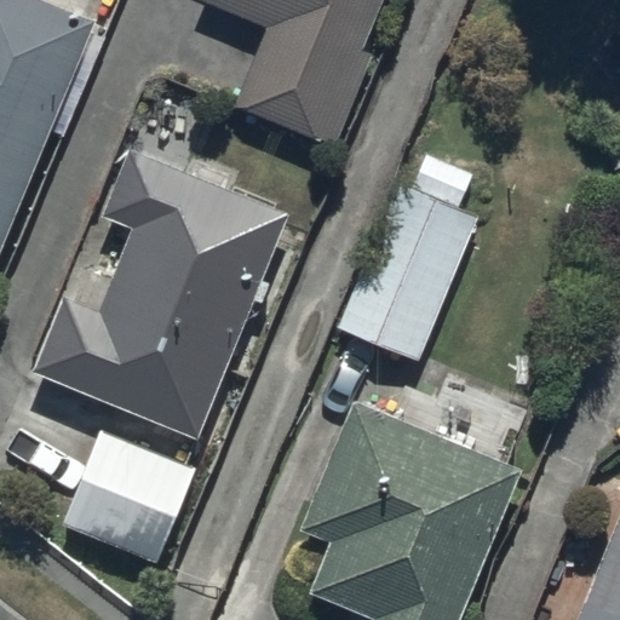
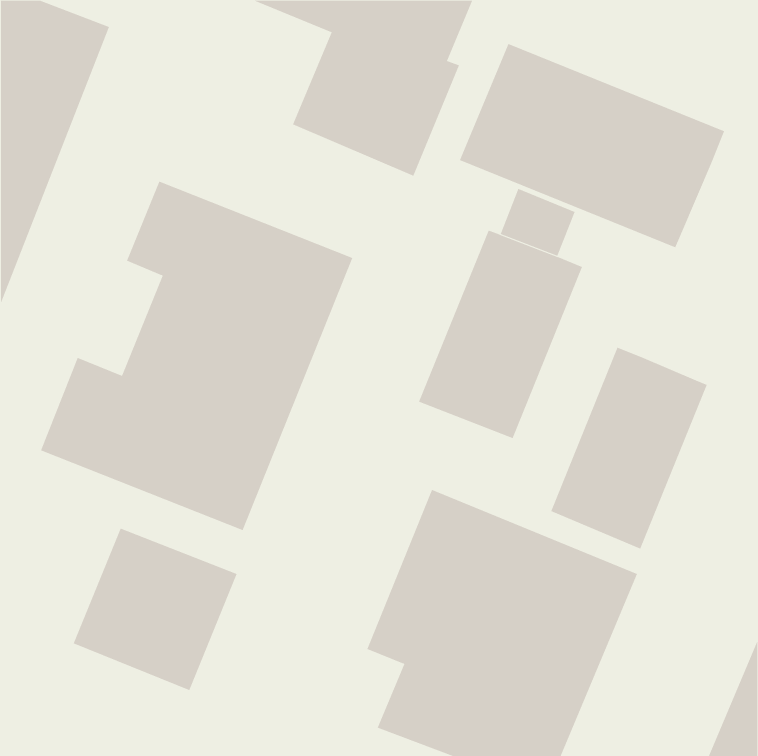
building: none -> [459,43,725,248]
building: none -> [550,347,707,549]

